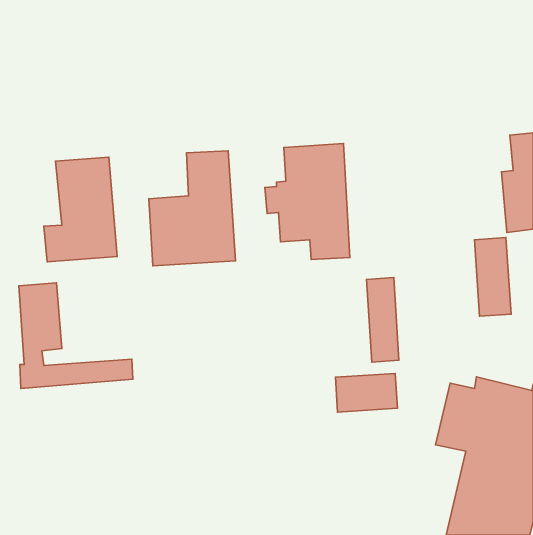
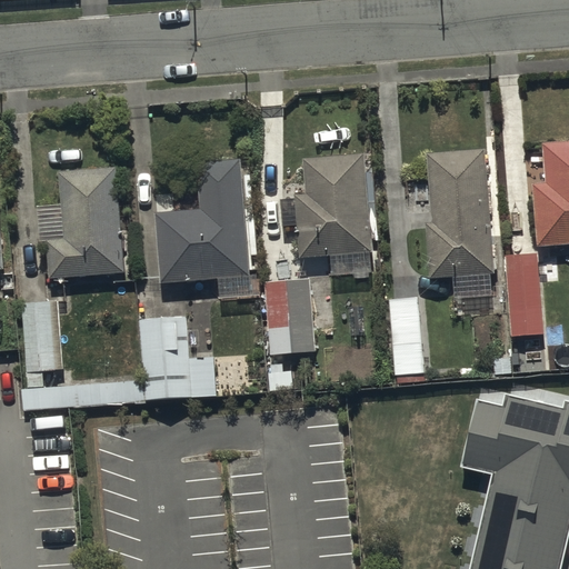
building: none -> [425,148,495,279]
building: none -> [263,279,316,355]
building: none -> [142,315,214,401]
building: [335,373,398,412] -> none

